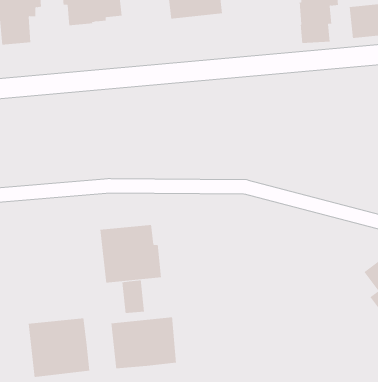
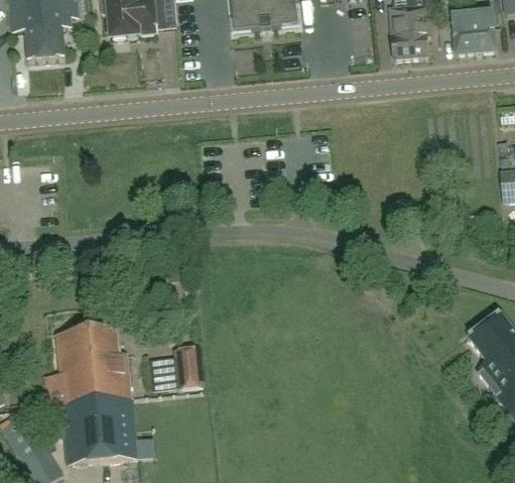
building: [100,224,162,283] -> [53,327,129,398]
building: [111,317,177,369] -> none

